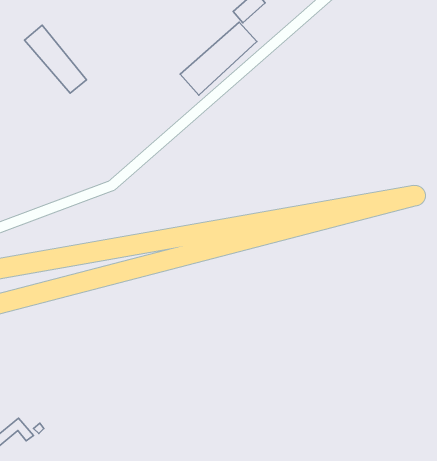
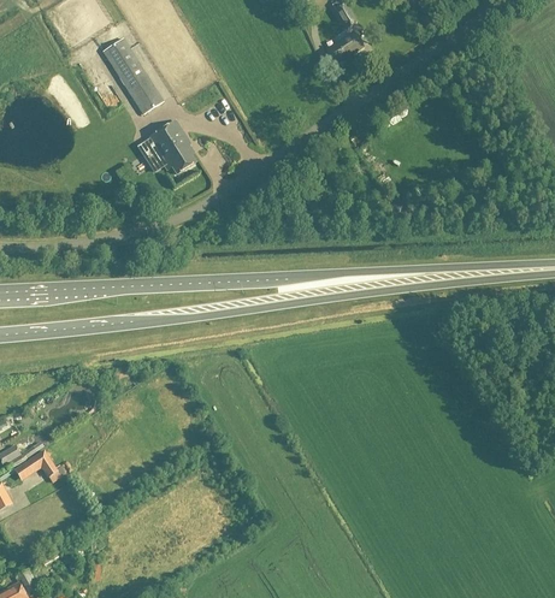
building: [180,22,257,95] -> none
building: none -> [146,120,194,173]

